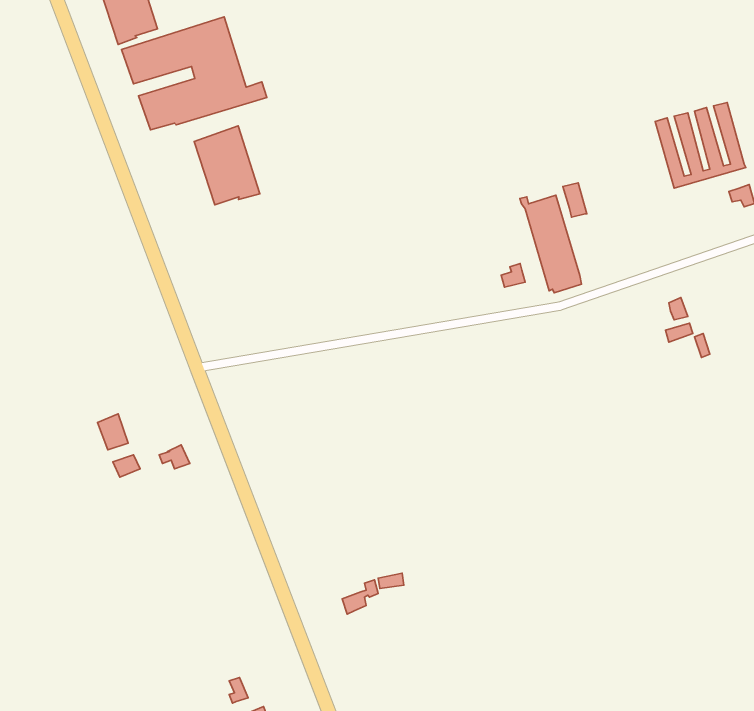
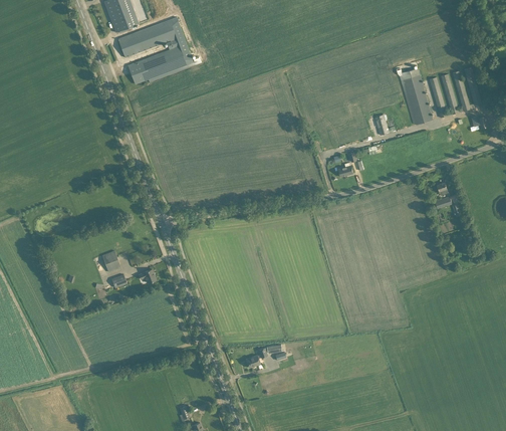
building: [194,126,260,205] -> none
building: [520,195,582,293] -> [397,67,433,125]

